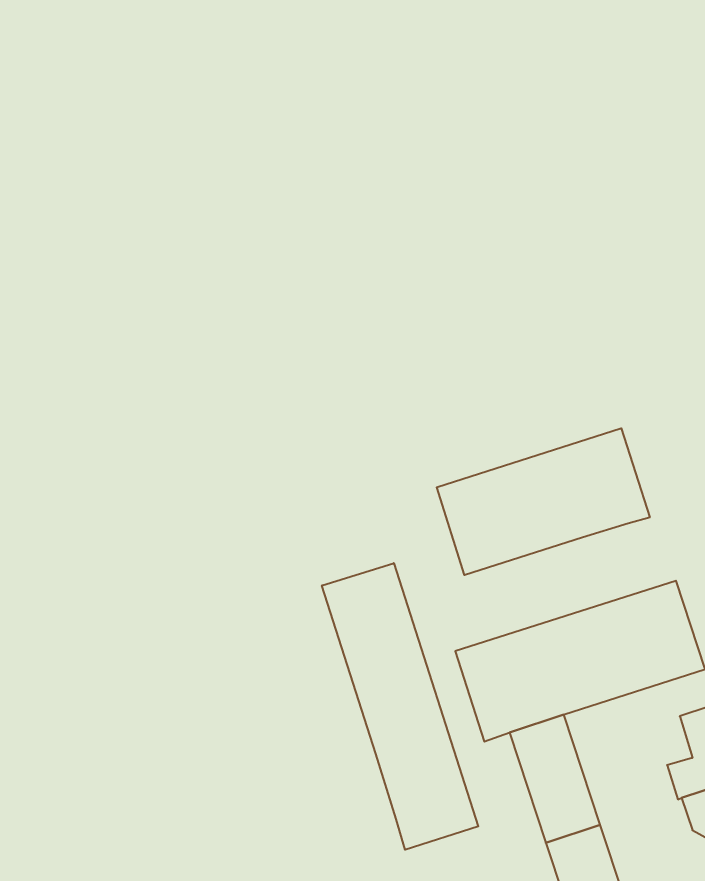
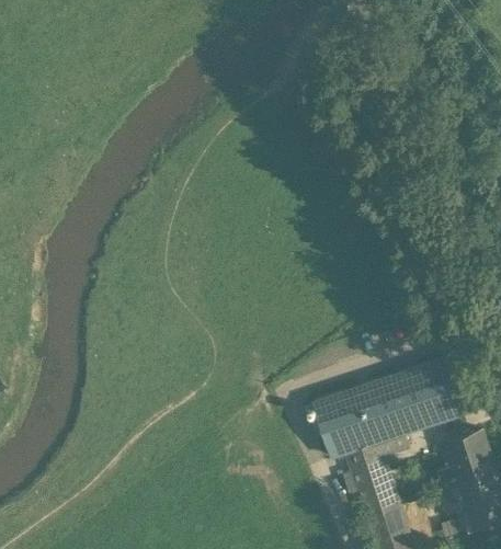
building: [437,428,650,575] -> none
building: [322,563,478,850] -> none

